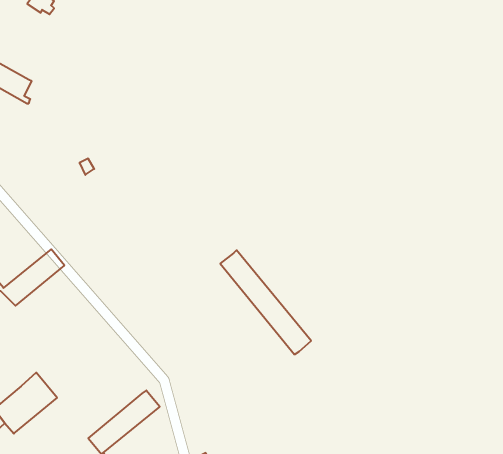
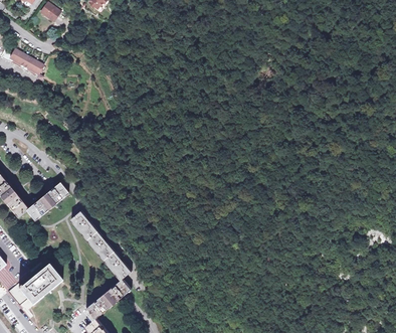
building: [220,250,311,354] -> [69,207,131,278]

